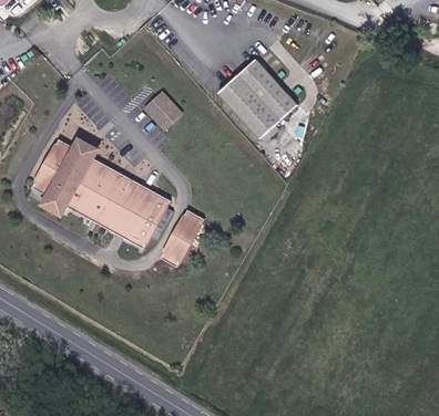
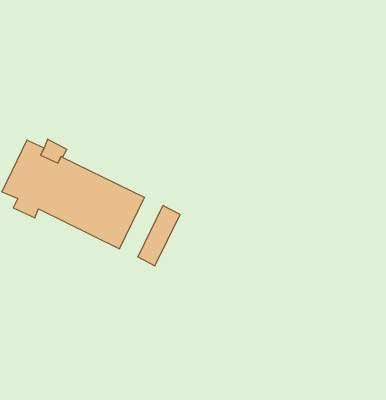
building: [217,54,296,134] -> none
building: [144,89,182,127] -> none

